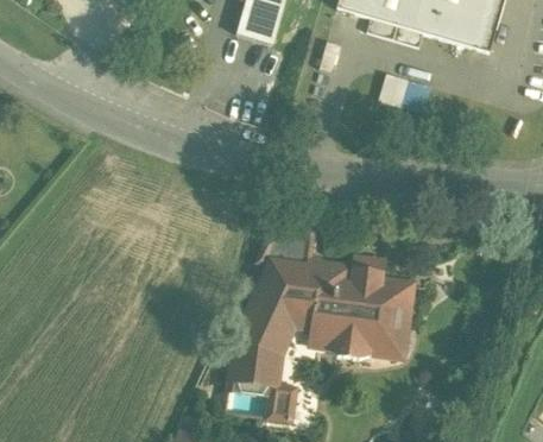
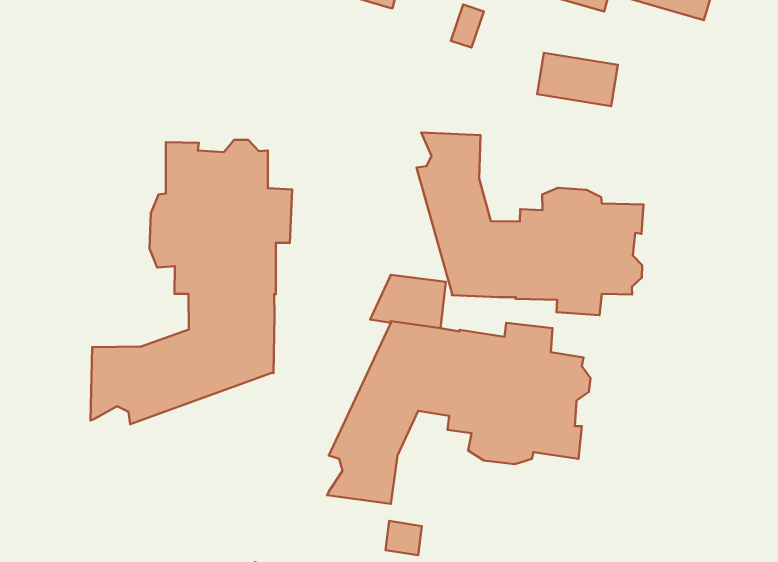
building: none -> [417,132,643,315]
building: none -> [91,140,292,424]

